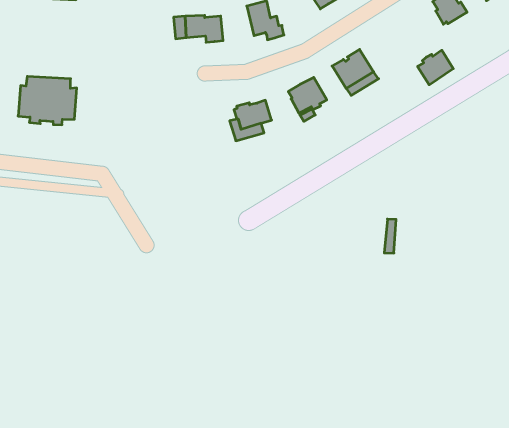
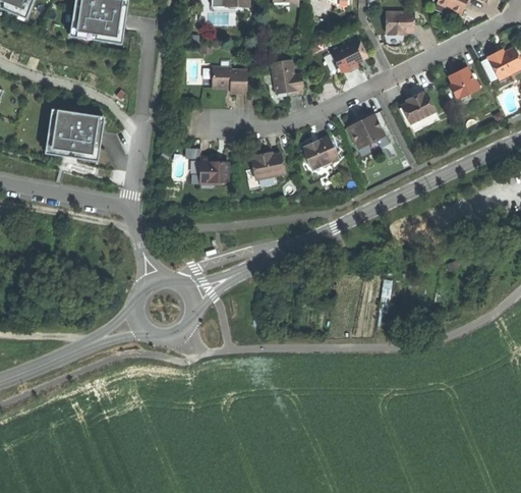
building: [418,50,453,85] -> [401,92,435,123]
building: none -> [198,157,227,183]

